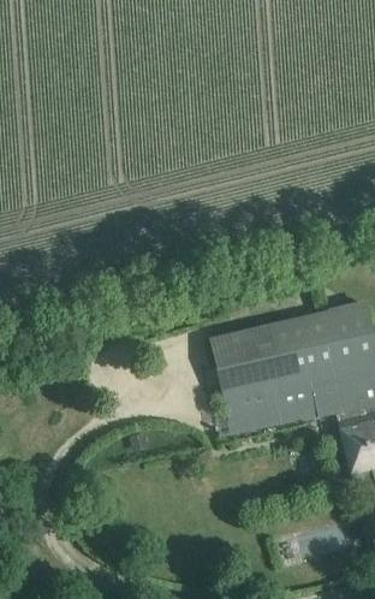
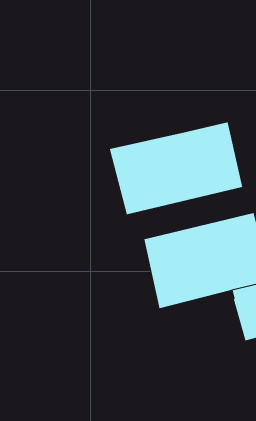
building: none -> [109,121,243,215]

